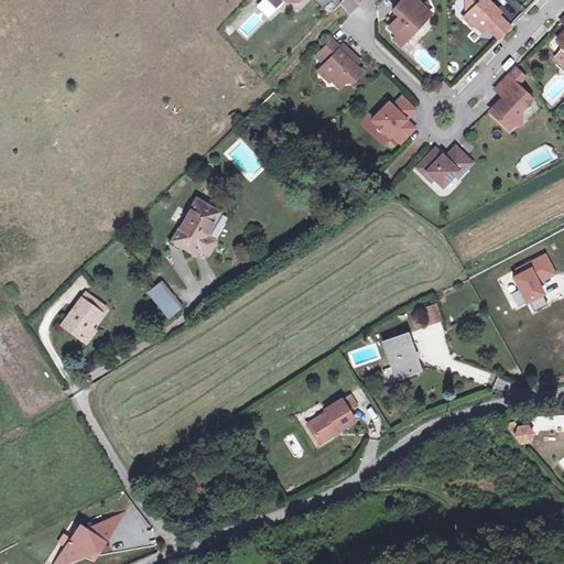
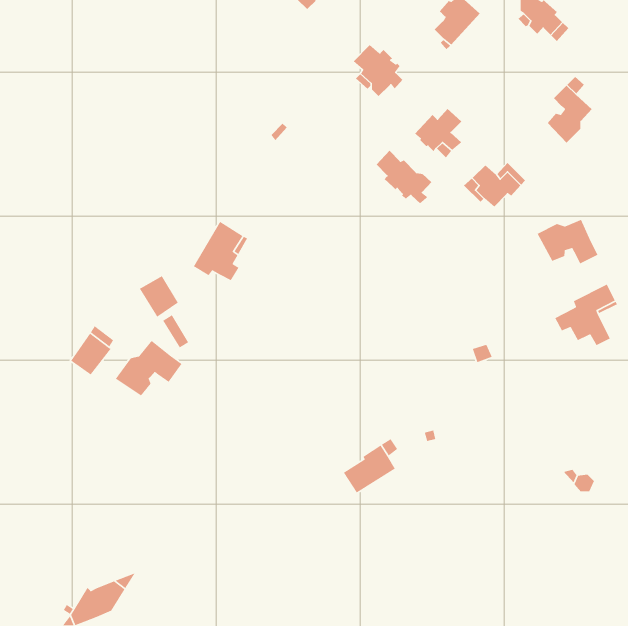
building: none -> [376,150,432,204]
building: none -> [537,219,599,265]
building: none -> [139,275,179,318]
building: none -> [115,340,183,396]
building: [383,334,419,378] -> none

